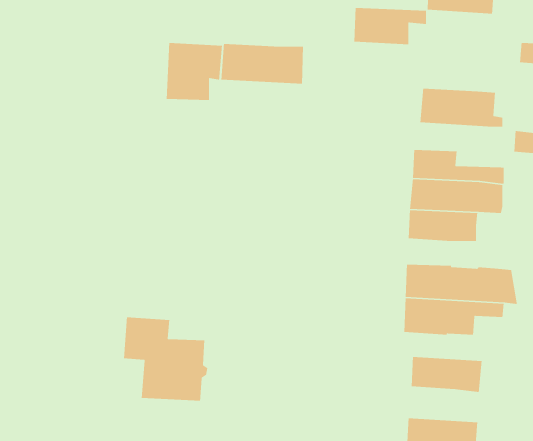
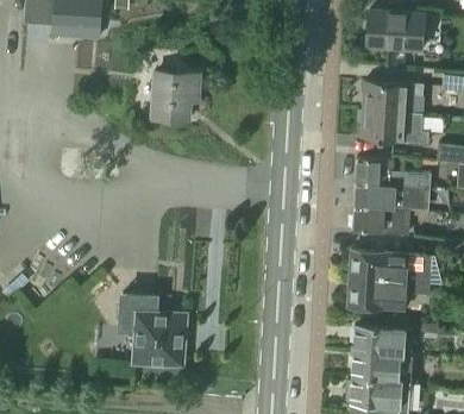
building: [353,7,427,45] -> [363,81,422,112]
building: [221,43,304,84] -> none
building: none -> [351,352,412,381]

